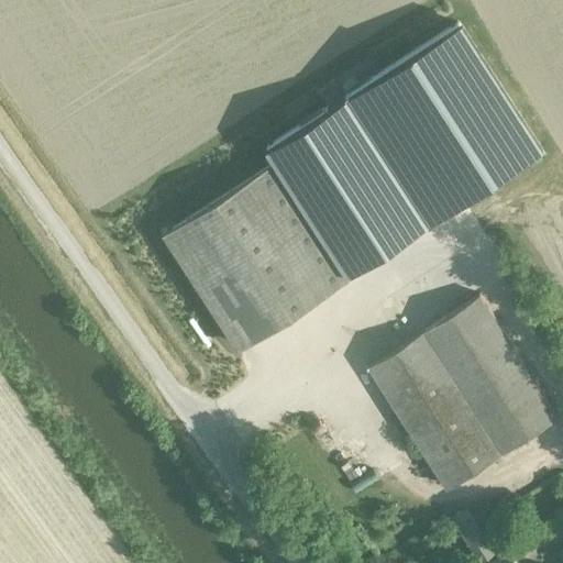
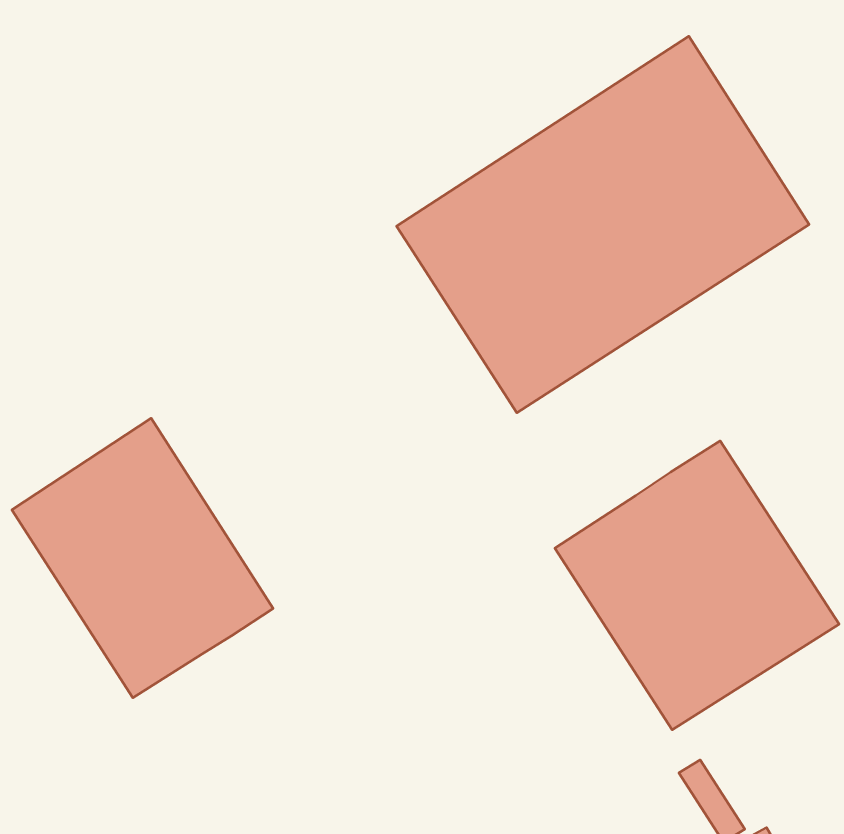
building: [165,170,344,351] -> none
building: none -> [12,418,273,698]

